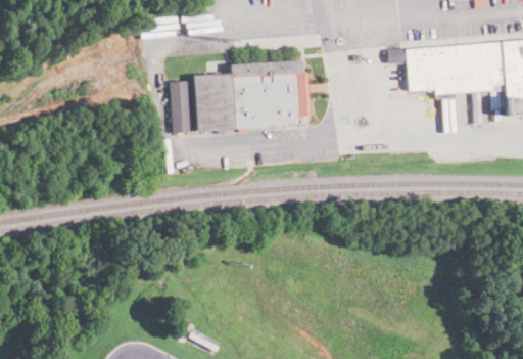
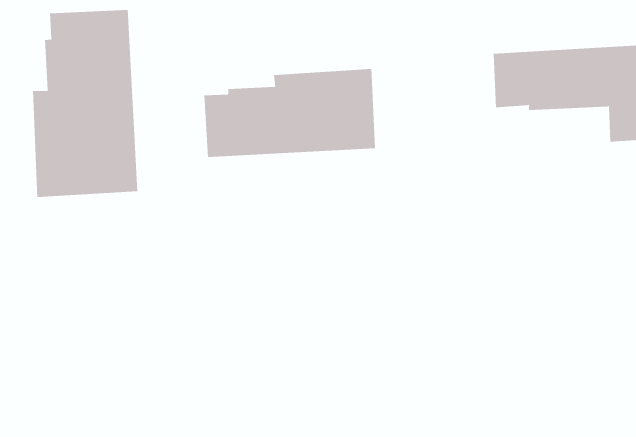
building: none -> [33,9,138,198]

